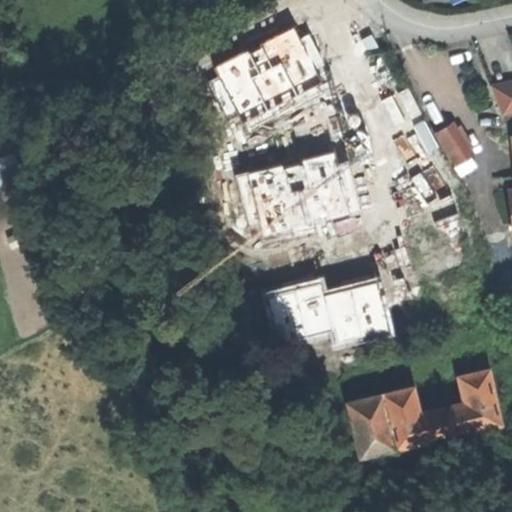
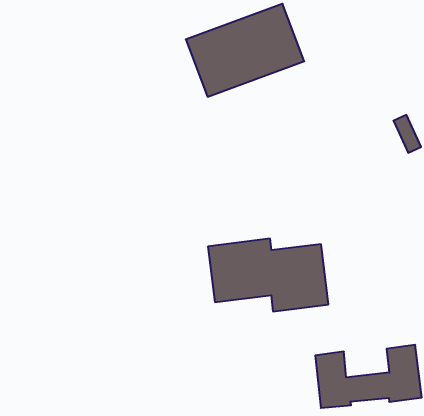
building: [231,147,358,244] -> none
building: [348,393,397,457] -> none

